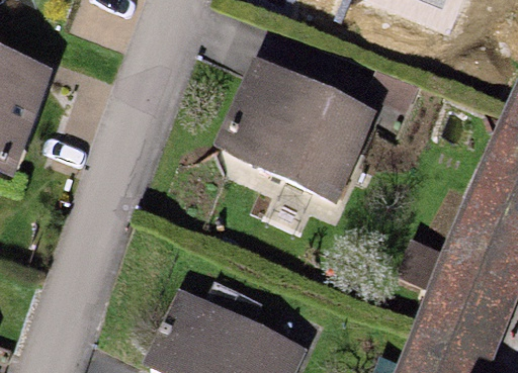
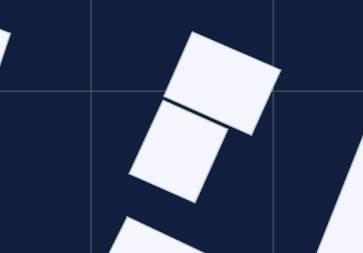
building: none -> [129,100,228,203]

